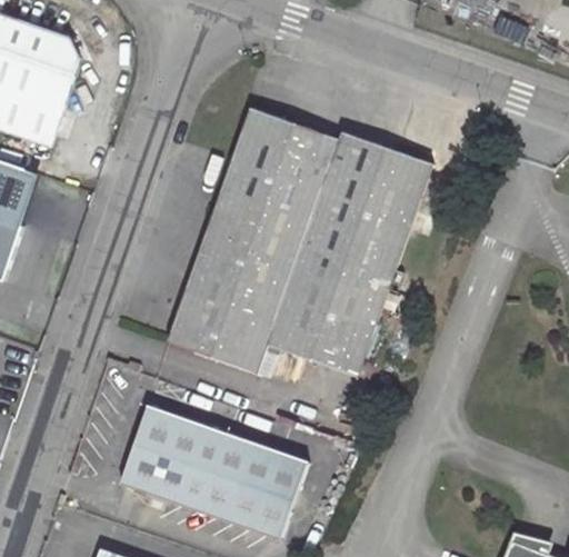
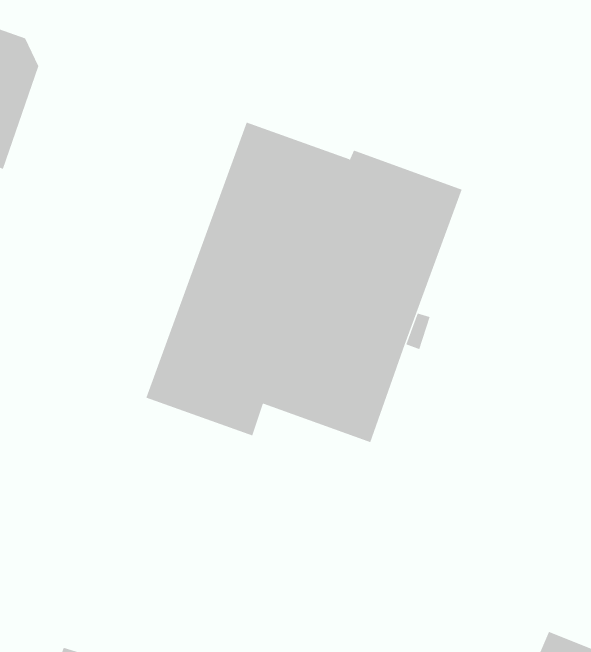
building: [119,405,308,540] -> none

